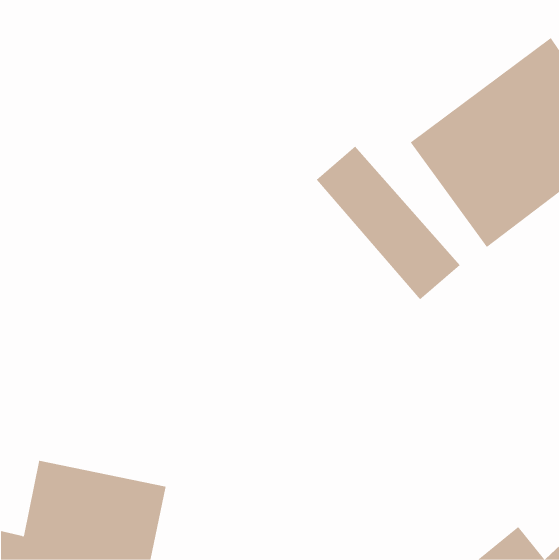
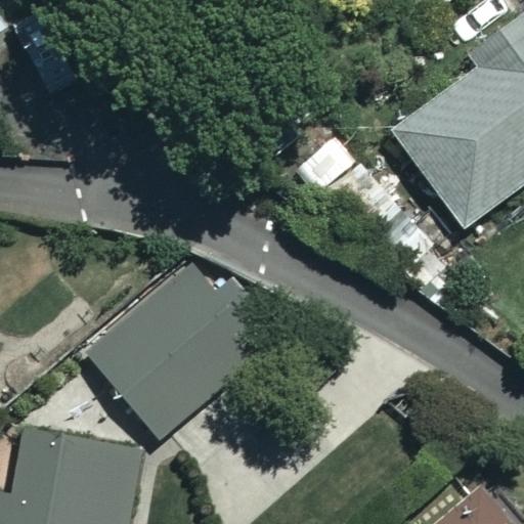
building: none -> [81,254,274,440]

